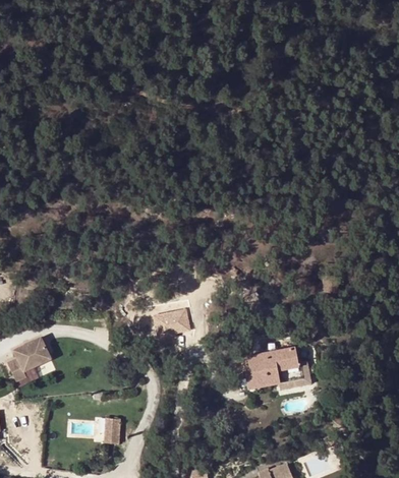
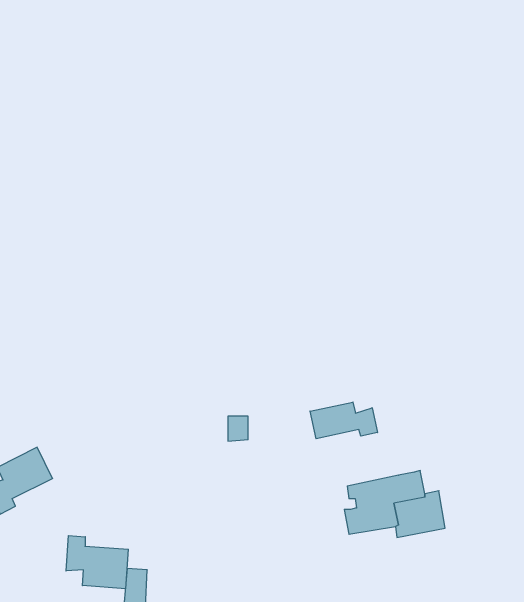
building: none -> [310,402,377,439]
building: none -> [66,536,128,589]

